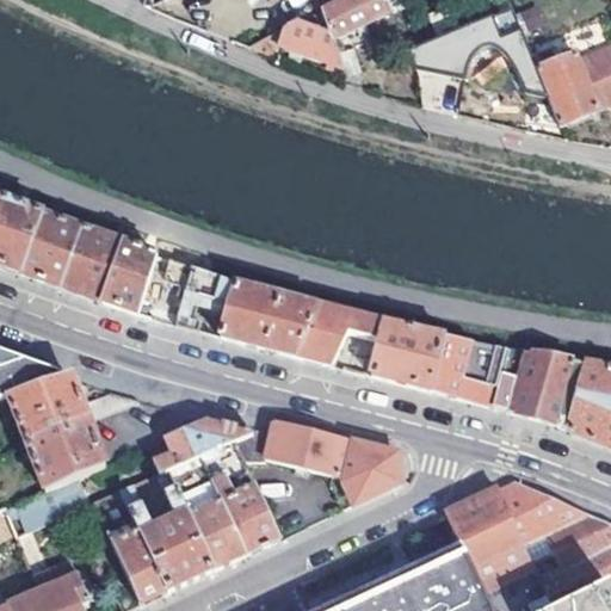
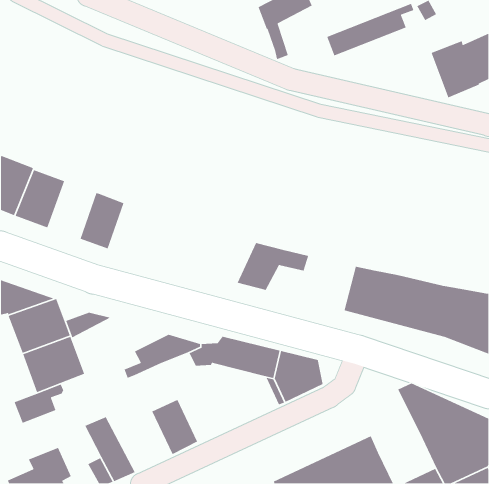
building: [248,8,342,64] -> none
building: [60,226,119,298] -> none
building: [163,257,319,353] -> none
building: [370,319,443,388] -> none
building: [202,440,282,551] -> none
building: [446,486,523,564] -> none
building: [129,487,215,590] -> none

